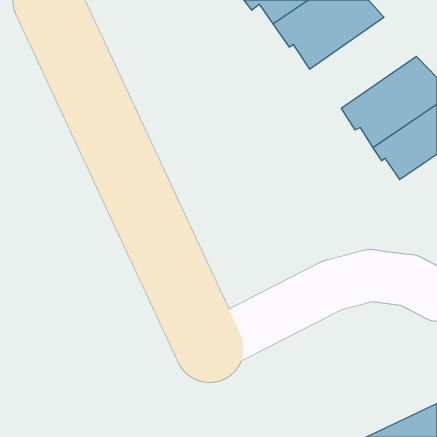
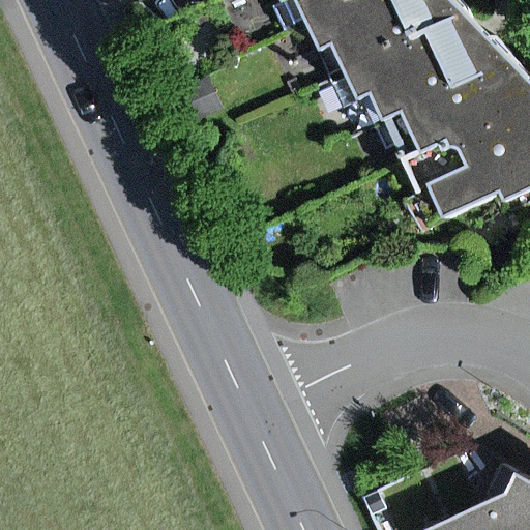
building: none -> [375,21,504,131]

